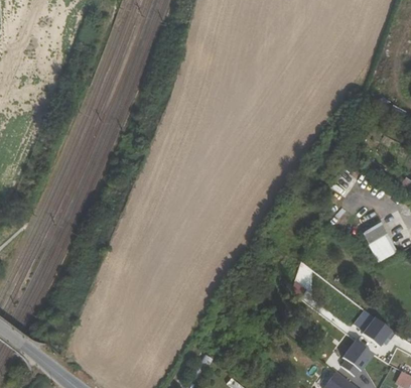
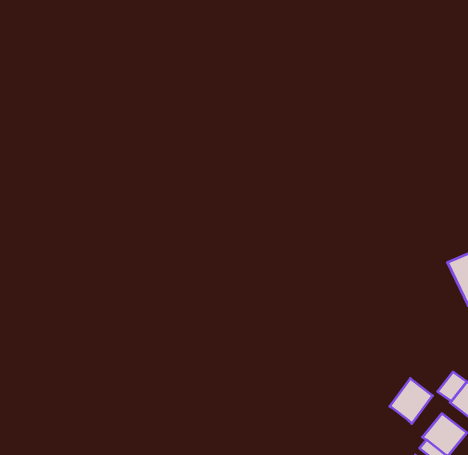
building: none -> [390,378,433,424]

